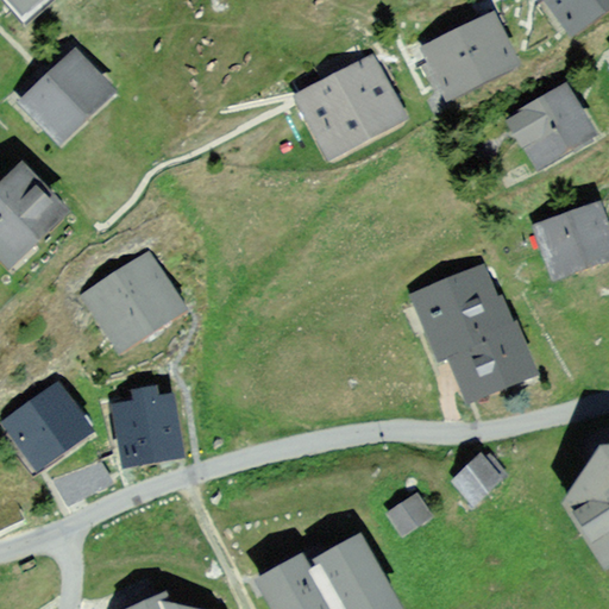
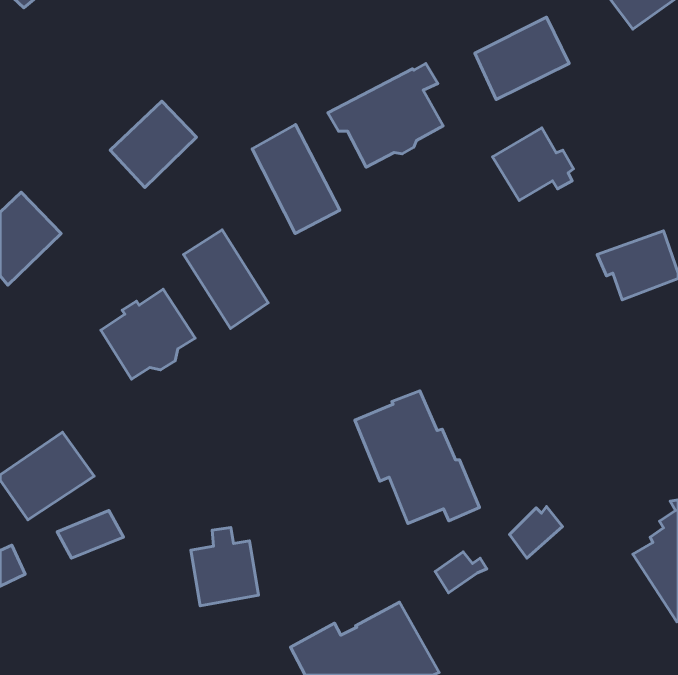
building: [26,56,103,133] -> [110,101,196,187]
building: [517,93,590,158] -> [493,128,574,201]
building: none -> [252,125,340,234]
building: none -> [184,230,268,328]
building: [419,270,530,389] -> [355,391,479,523]
building: [117,389,177,459] -> [191,528,259,606]

